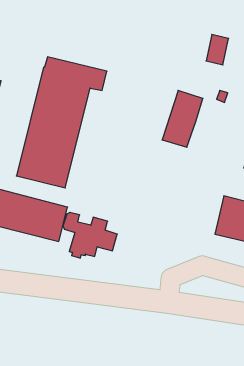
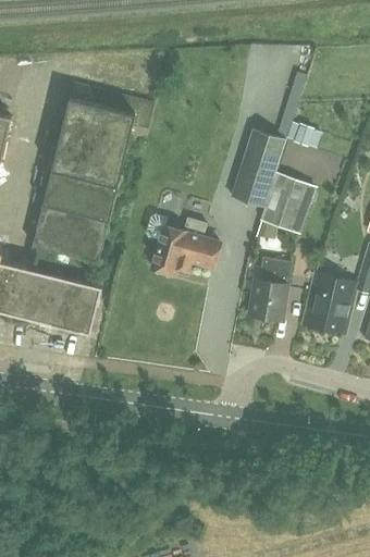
building: none -> [259,171,317,233]
building: none -> [247,257,291,320]
building: [63,212,117,258] -> [145,214,219,276]

